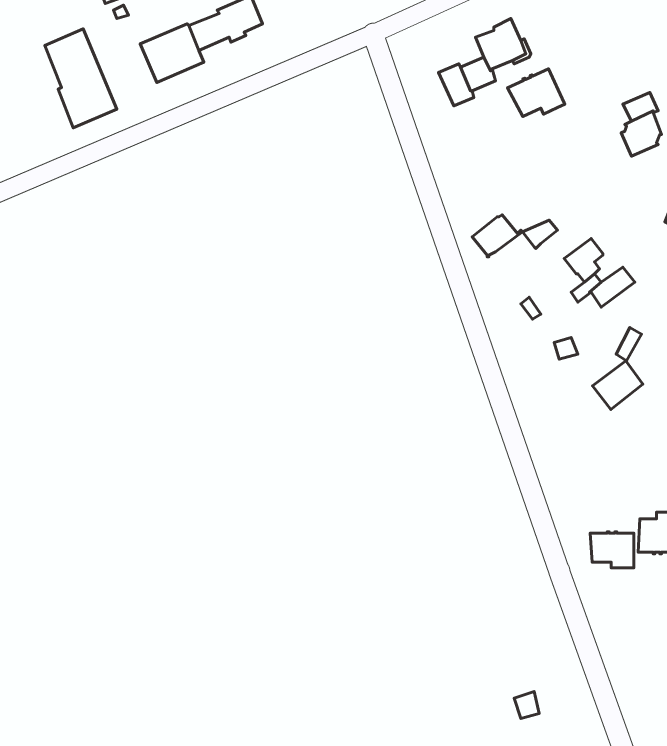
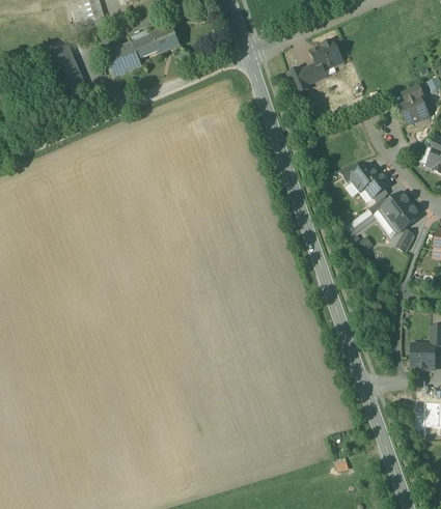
building: [508,69,565,116] -> none
building: [472,215,522,257] -> [351,164,382,190]
building: [592,361,643,409] -> [388,201,419,231]
building: [590,532,634,568] -> none

